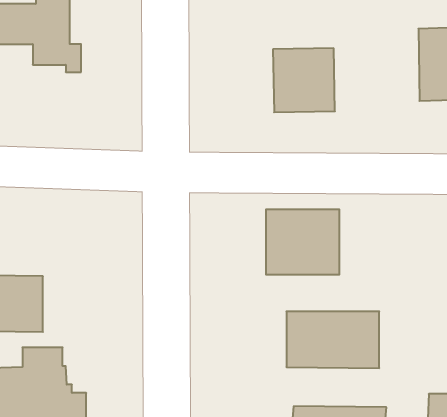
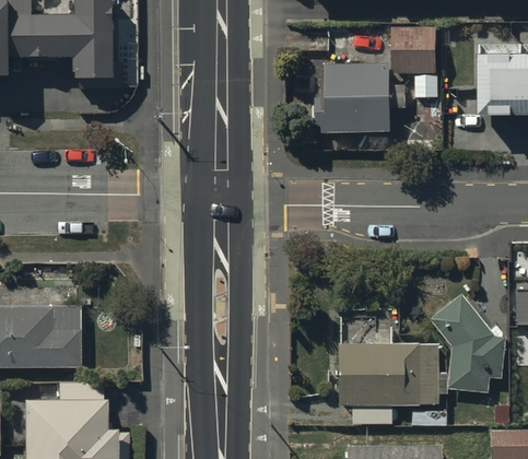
building: none -> [394,30,436,74]
building: [266,209,339,275] -> none
building: none -> [433,299,501,392]

